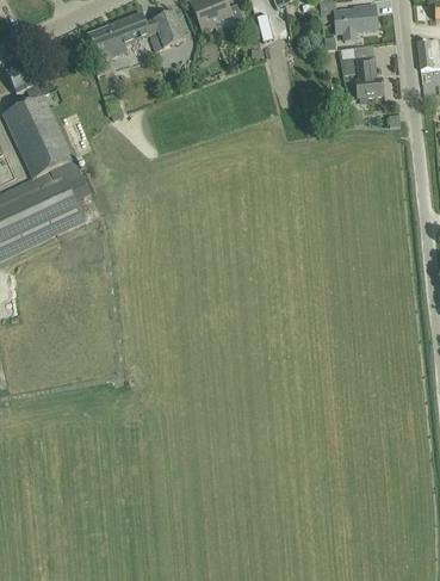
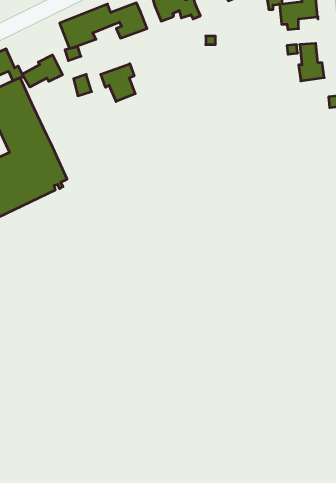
building: none -> [22,55,62,87]
building: none -> [101,64,135,102]

